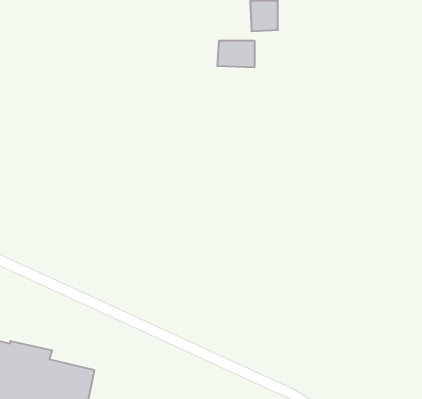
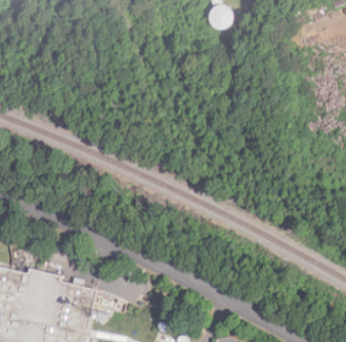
building: [217,41,254,67] -> none

